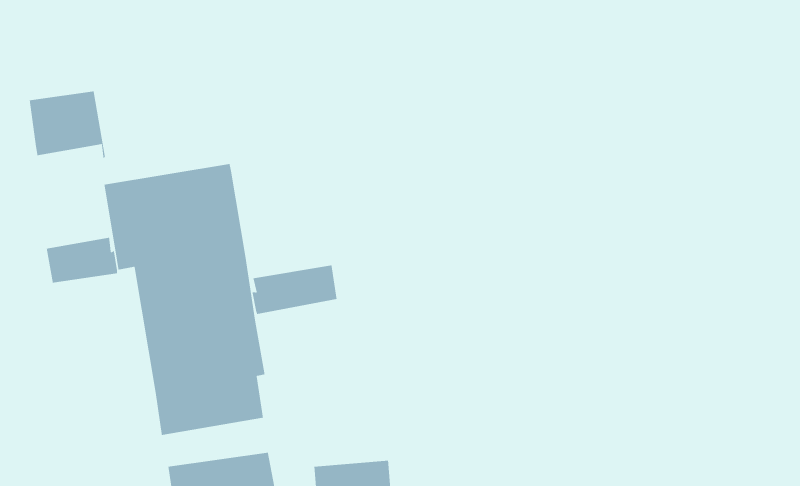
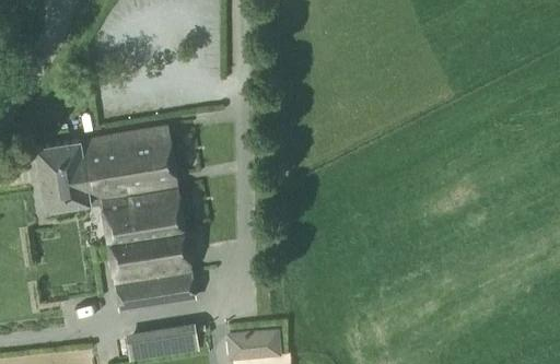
building: [29,90,106,159] -> [37,140,90,187]
building: [251,265,338,315] -> none

